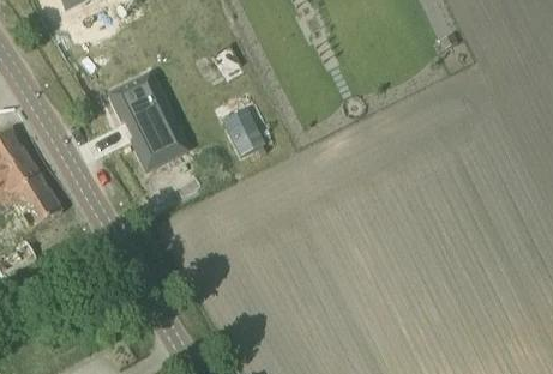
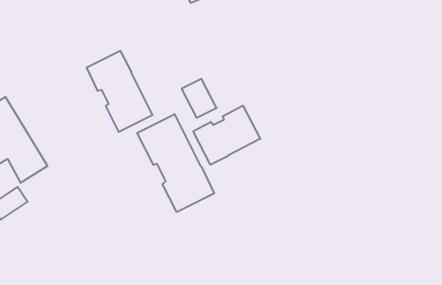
building: none -> [193,106,260,165]
building: none -> [137,114,214,212]

